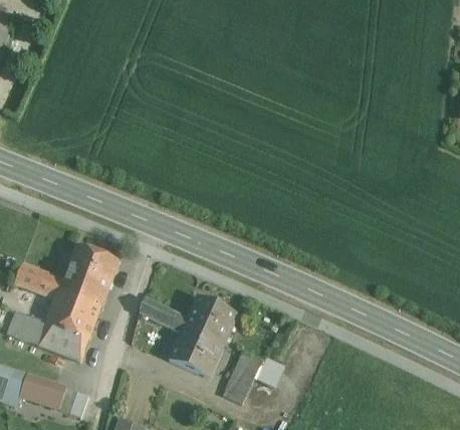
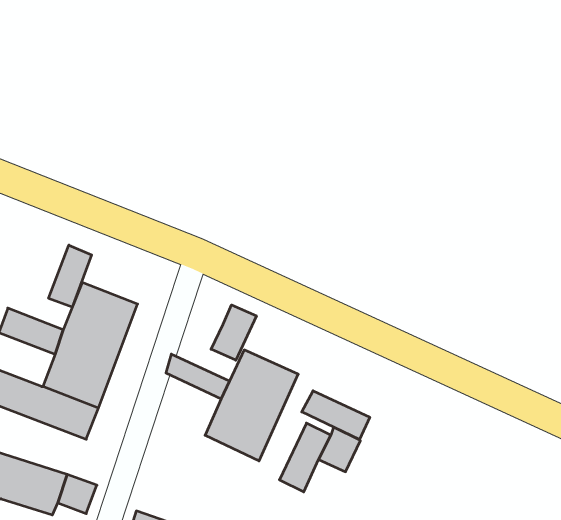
building: none -> [49,245,92,307]
building: none -> [211,305,256,360]
building: none -> [302,391,370,439]

